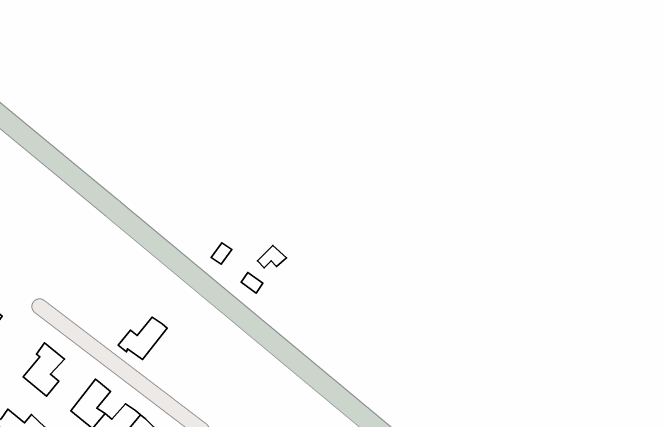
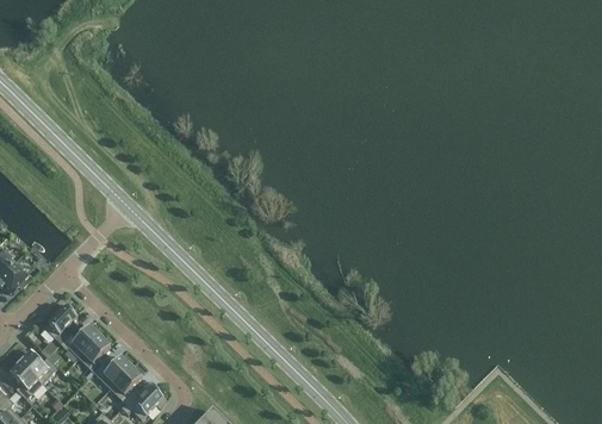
building: [118,317,167,360] -> [60,324,99,356]

